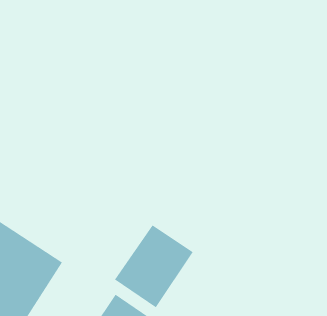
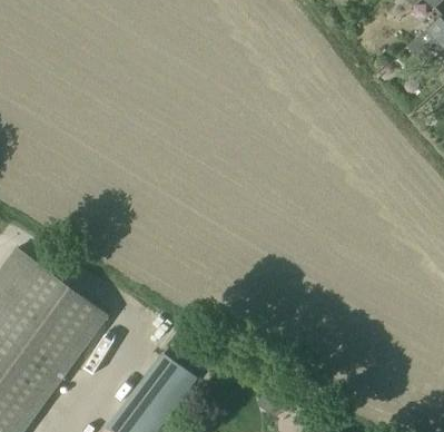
building: [114,224,194,308] -> none

